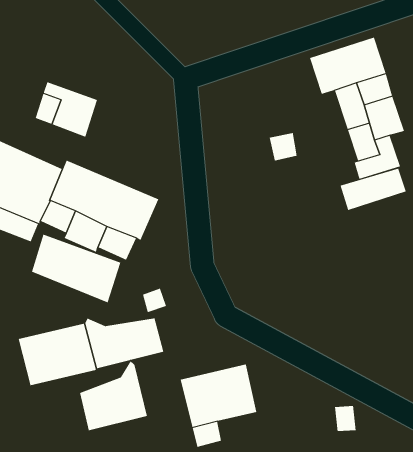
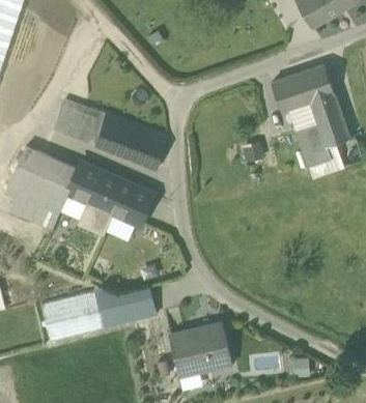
building: [340,168,406,211] -> none
building: [31,234,121,303] -> [95,114,167,169]
building: [79,360,148,431] -> none

